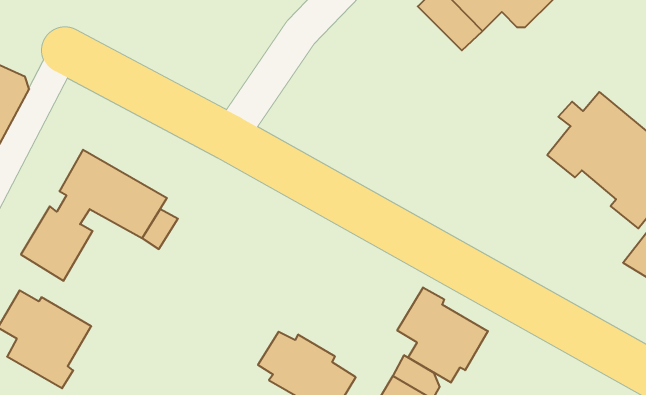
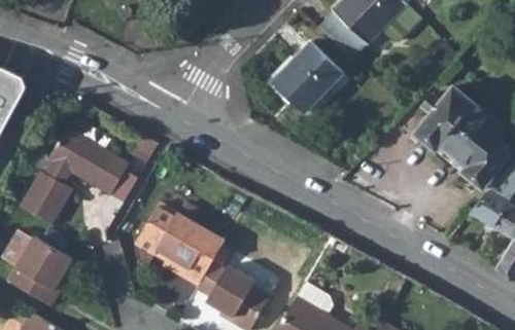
building: none -> [269,38,341,111]
building: none -> [138,204,227,286]
building: [397,287,488,383] -> none

